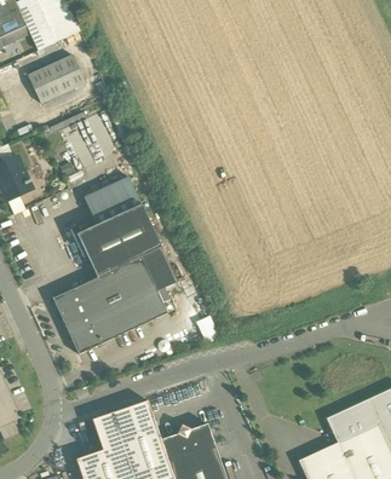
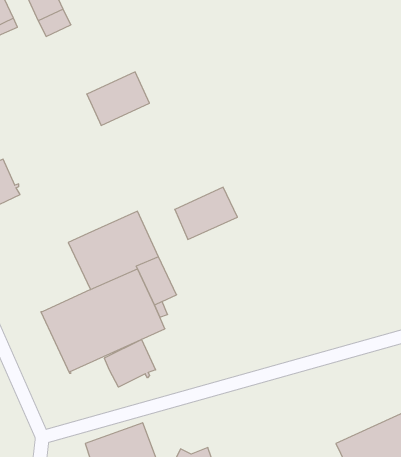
building: [27,54,85,104] -> [87,72,149,125]
building: [82,177,140,225] -> [175,187,237,239]
building: none -> [104,339,156,387]

